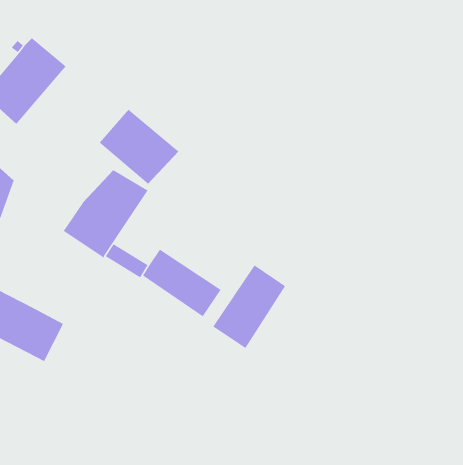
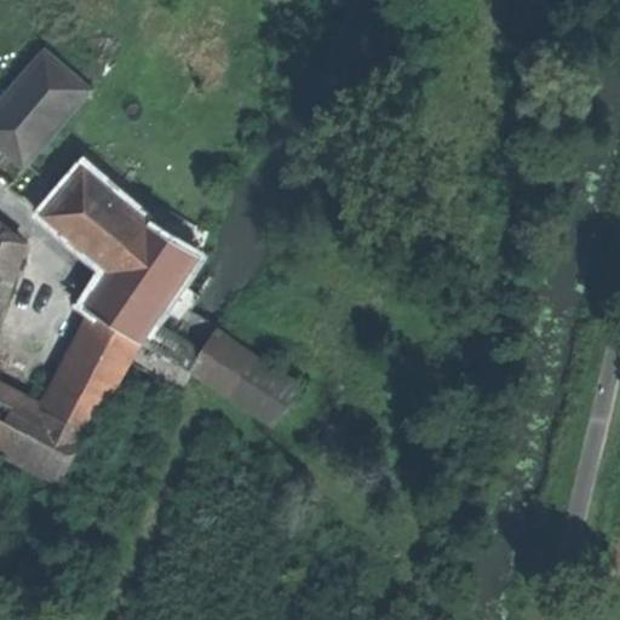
building: [99,109,179,184] -> [44,168,150,269]
building: none -> [46,315,138,431]
building: [212,265,286,349] -> none

